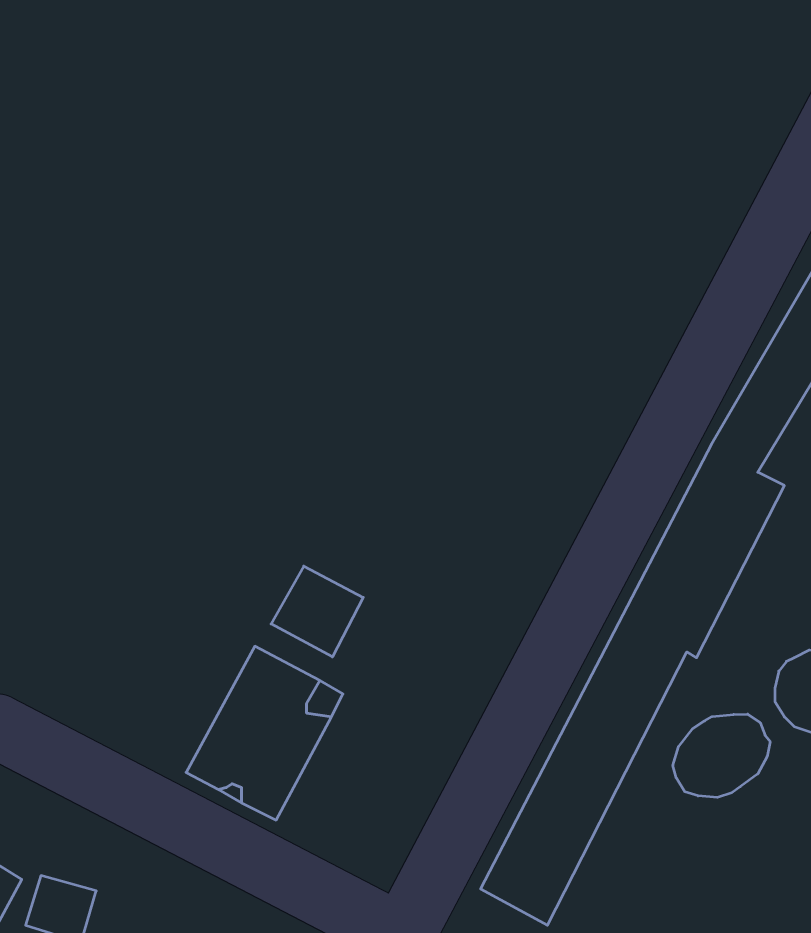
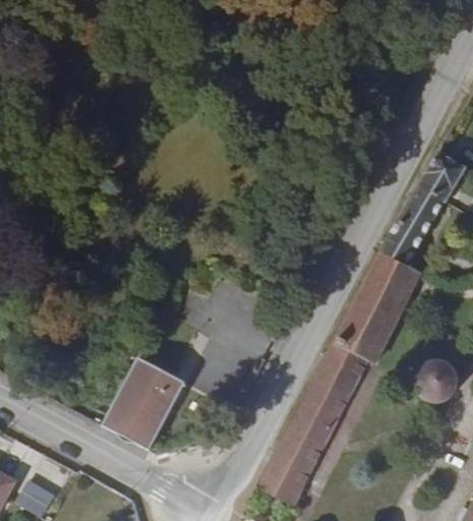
building: [271,566,363,657] -> none
building: [673,714,770,797] -> none

